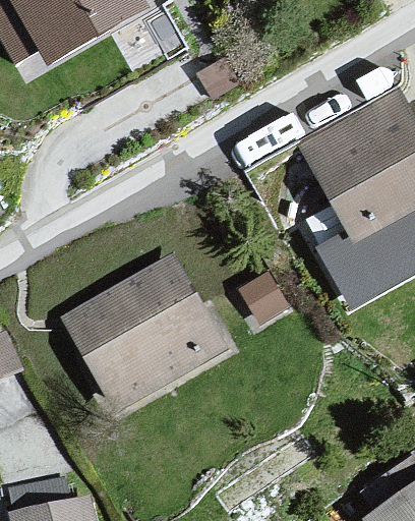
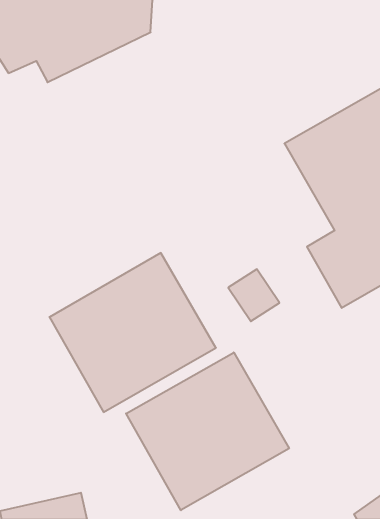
building: none -> [126,352,289,510]

